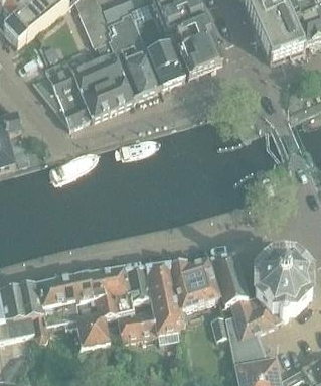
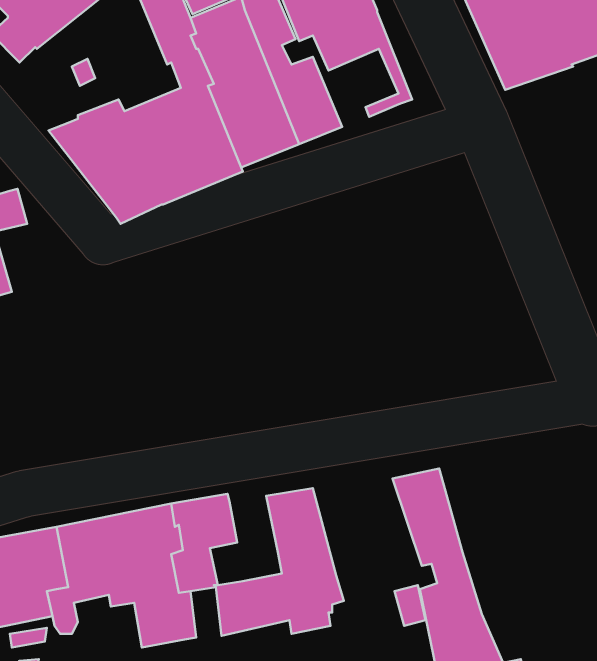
building: [177,37,213,77] -> none
building: [247,247,312,331] -> none
building: [169,260,218,310] -> none
building: [116,269,151,315] -> none

